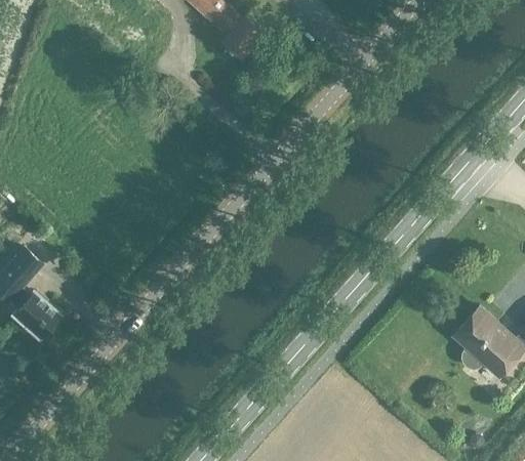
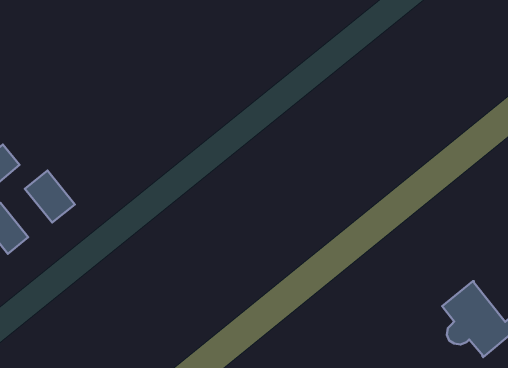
building: none -> [25,171,75,223]

